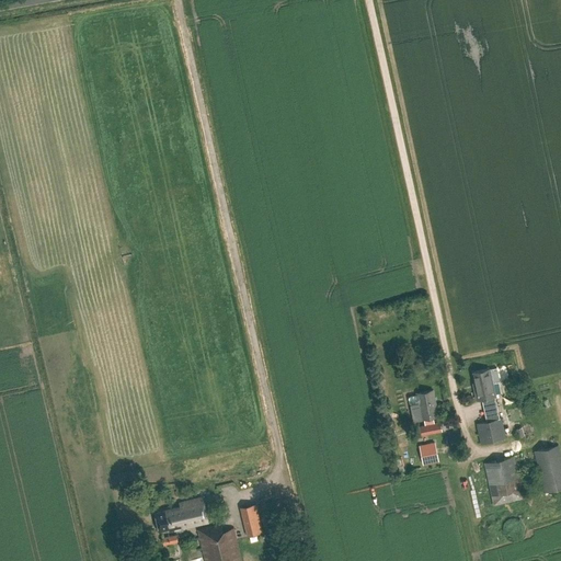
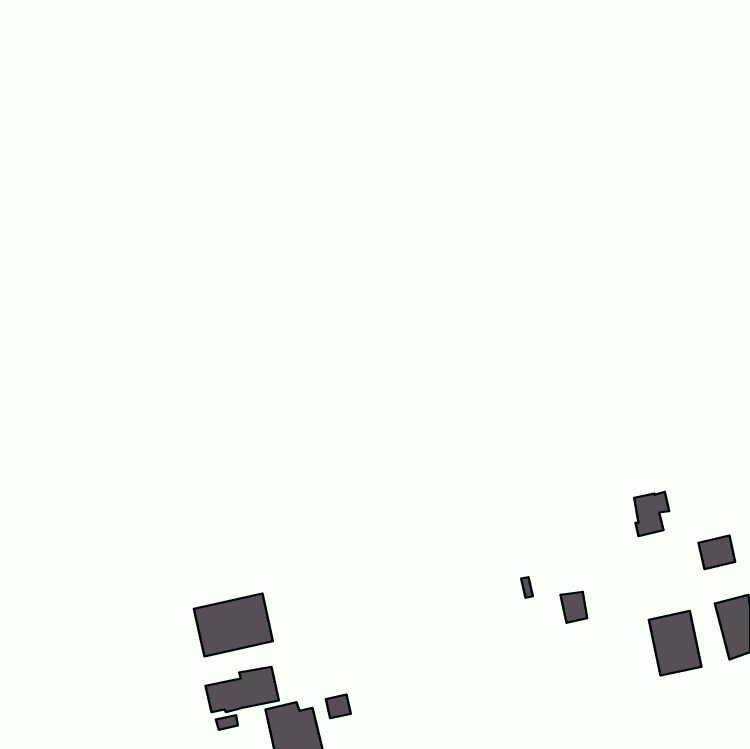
building: [409,391,442,435] -> none
building: [478,419,505,444] -> [699,535,735,569]
building: none -> [194,593,273,656]

